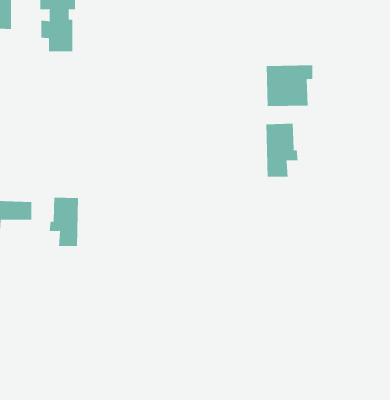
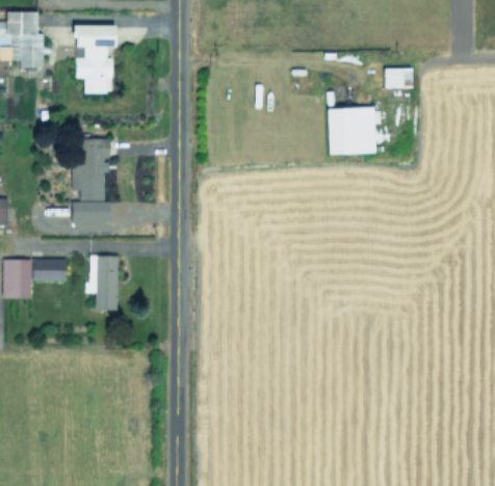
building: none -> [385,69,413,88]
building: none -> [73,139,110,222]
building: [266,123,298,178] -> none

